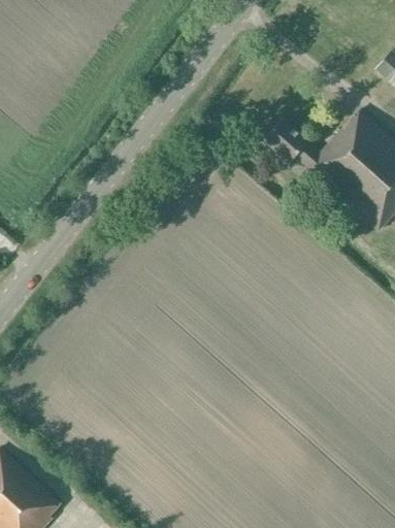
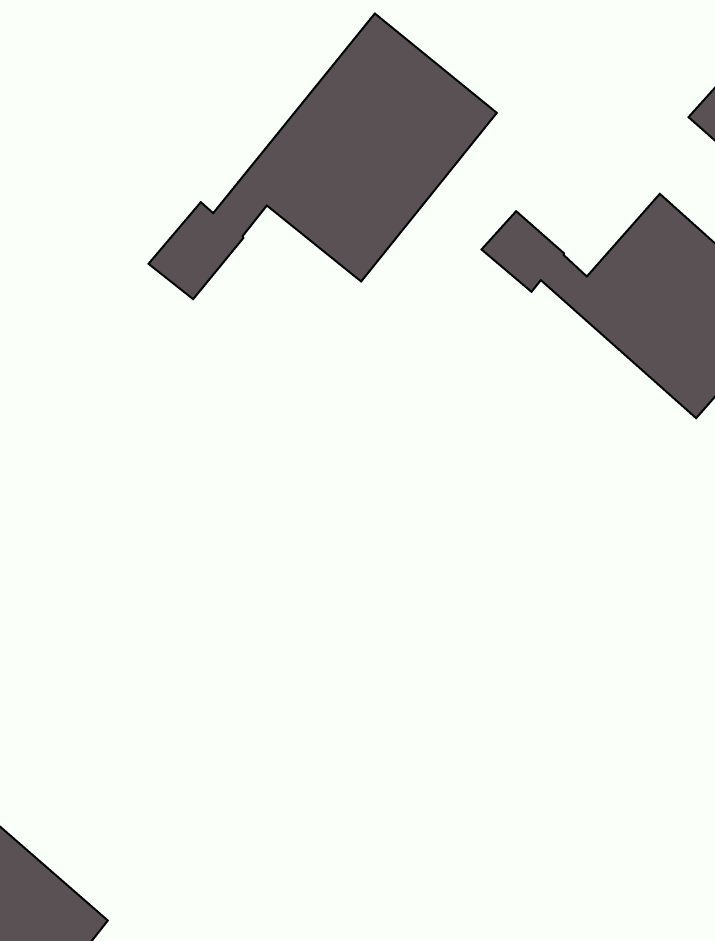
building: none -> [149,13,497,299]

